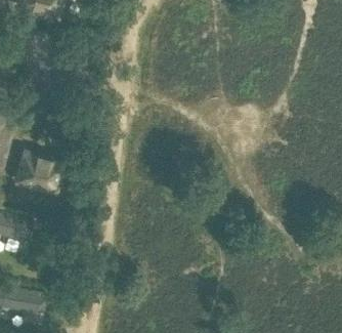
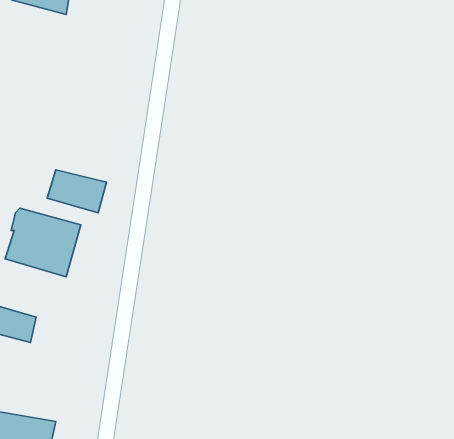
building: none -> [47,170,107,213]

